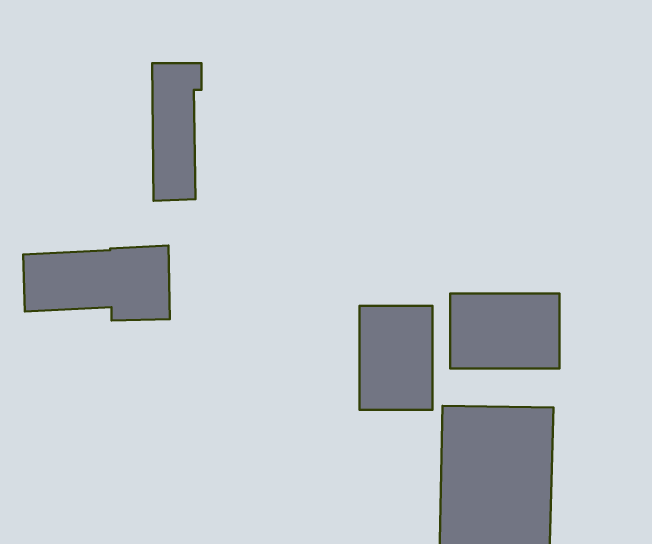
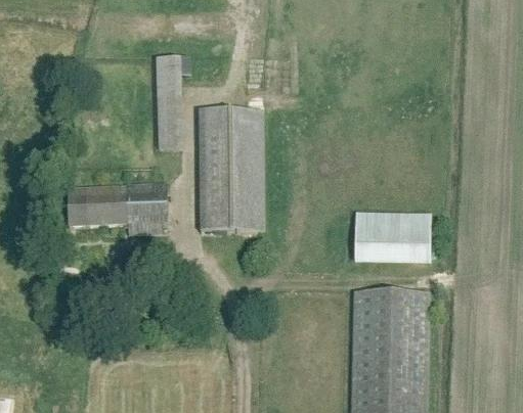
building: none -> [199,107,264,229]
building: [360,306,433,410] -> none

